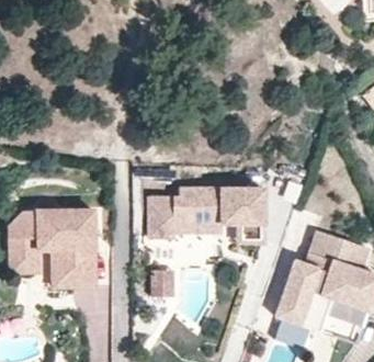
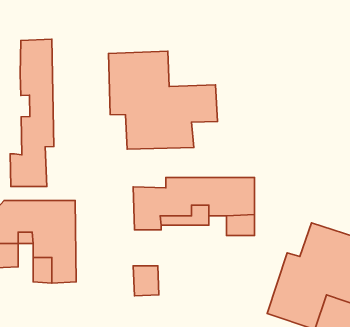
building: none -> [10,39,54,186]
building: none -> [108,51,218,149]

